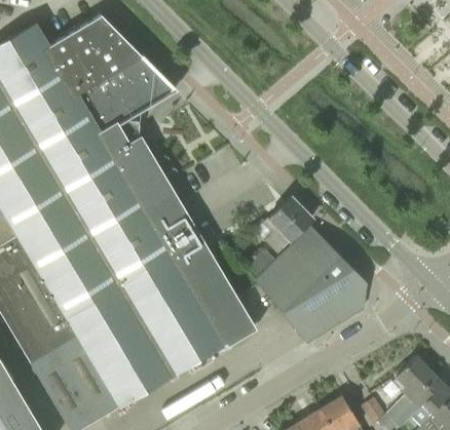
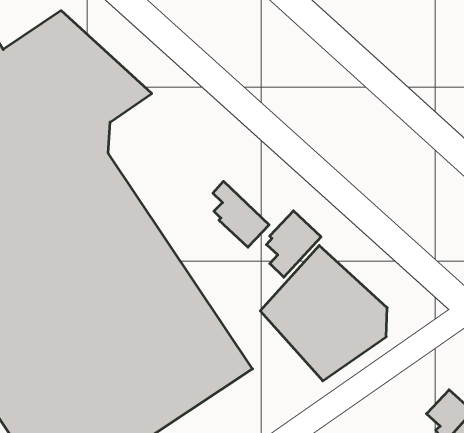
building: none -> [213,181,269,247]

